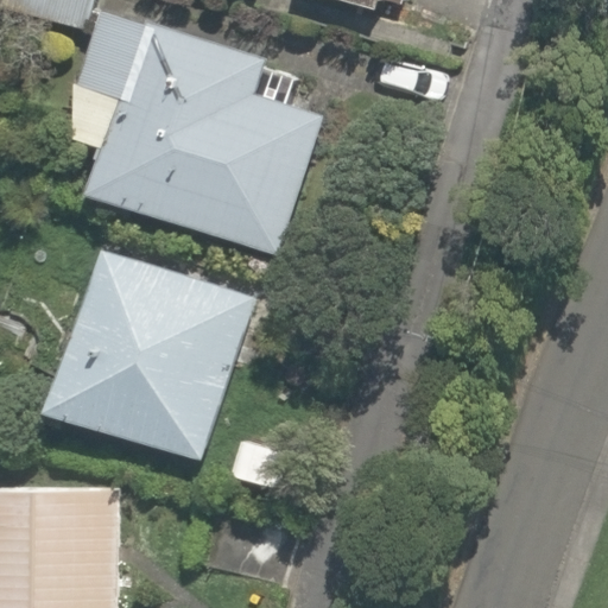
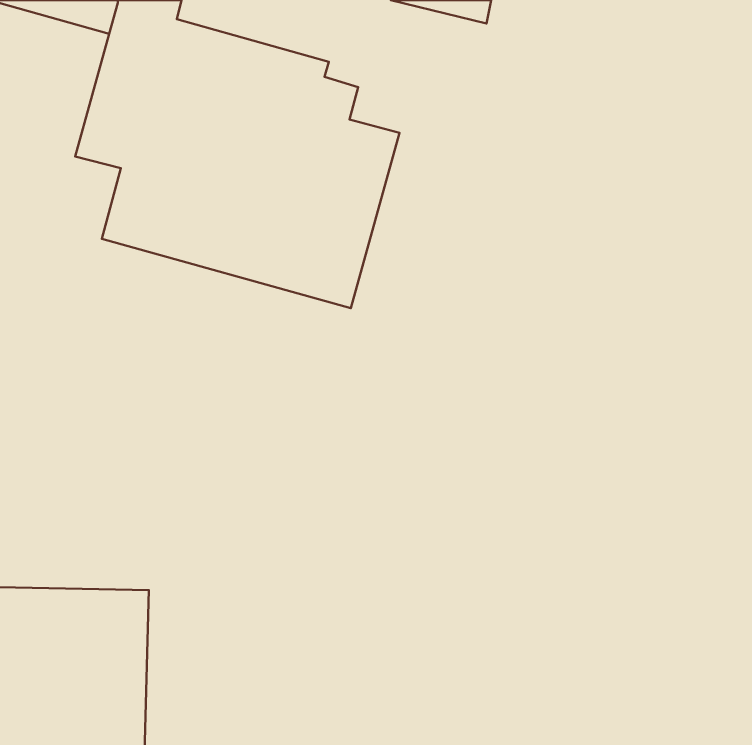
building: [45,252,253,461] -> none

